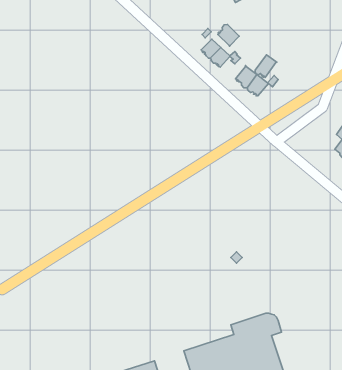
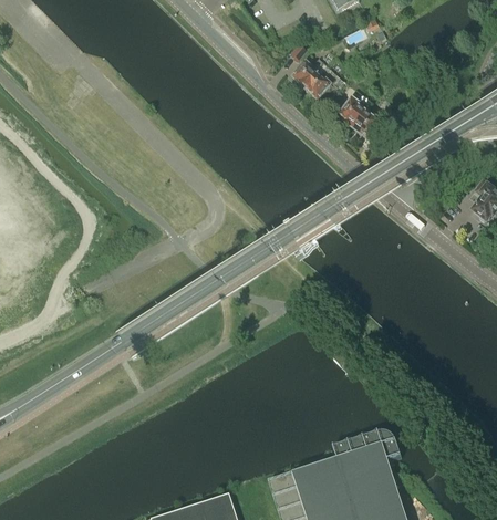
building: [218,24,239,46] -> none
building: [255,55,277,77] -> none

